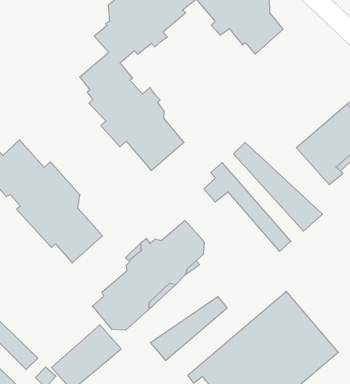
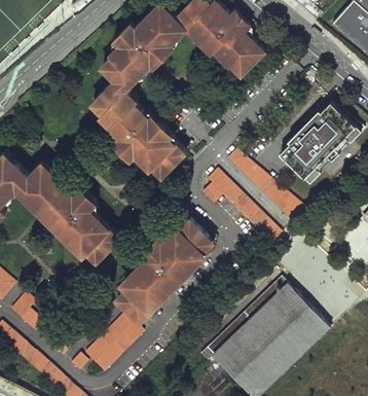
building: [150,296,227,360] -> none

